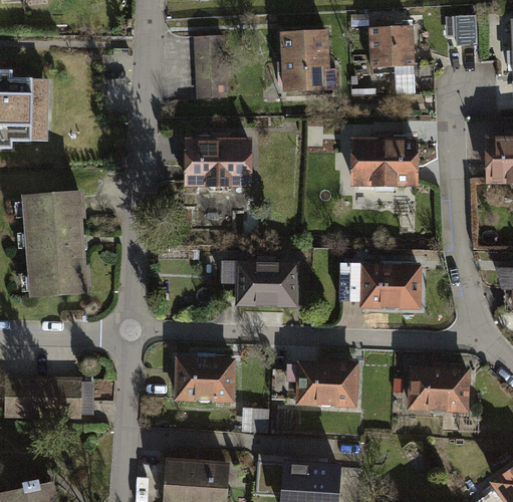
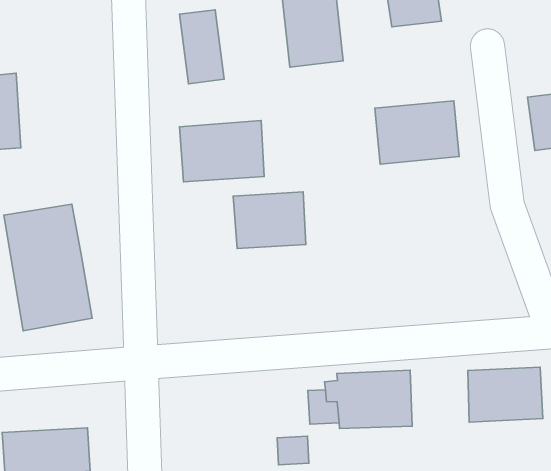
building: [238,265,299,312] -> [233,192,306,249]
building: [359,270,425,316] -> none
building: [173,355,234,403] -> none

